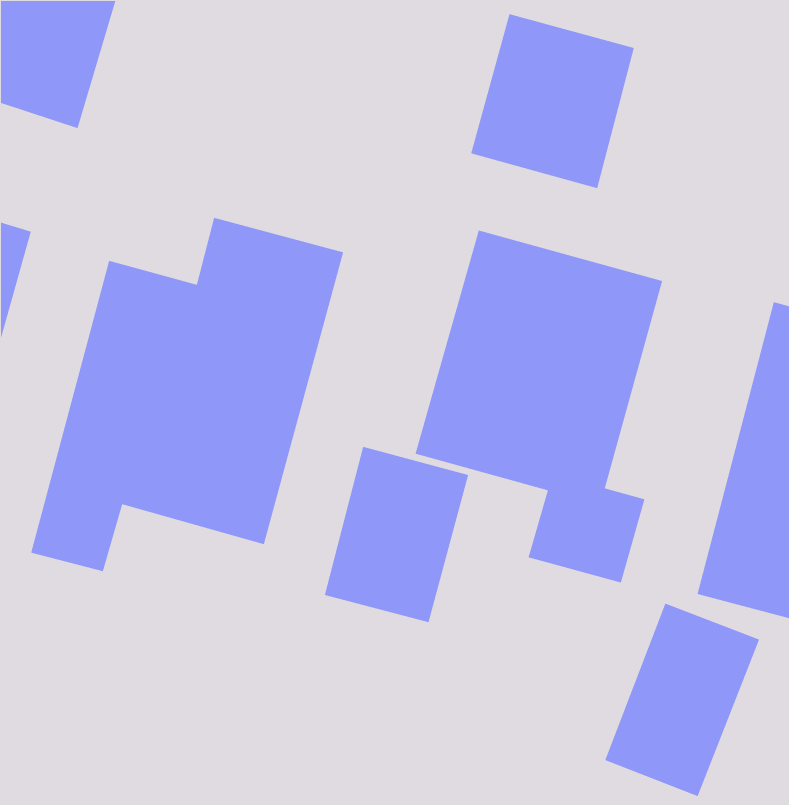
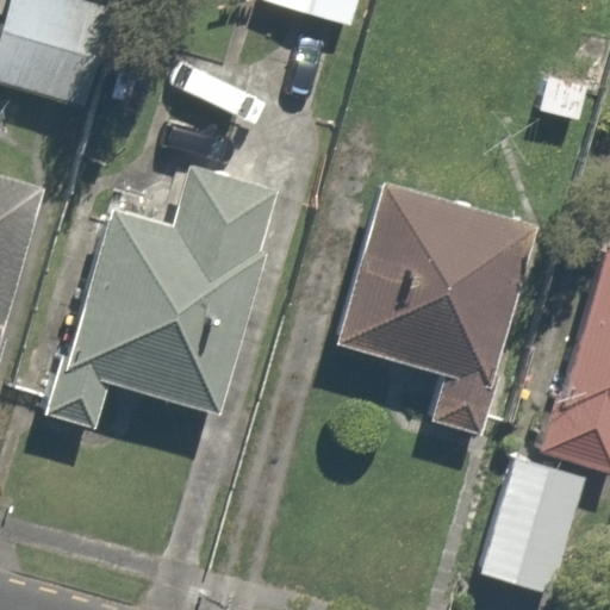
building: [470,13,635,189] -> none
building: [324,446,469,623] -> none

